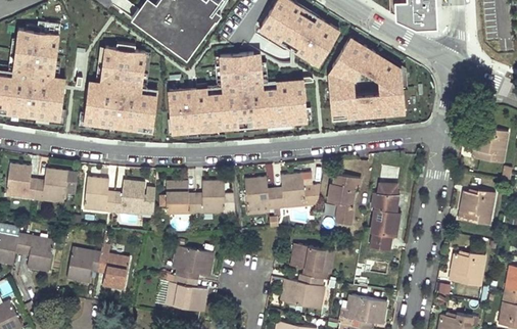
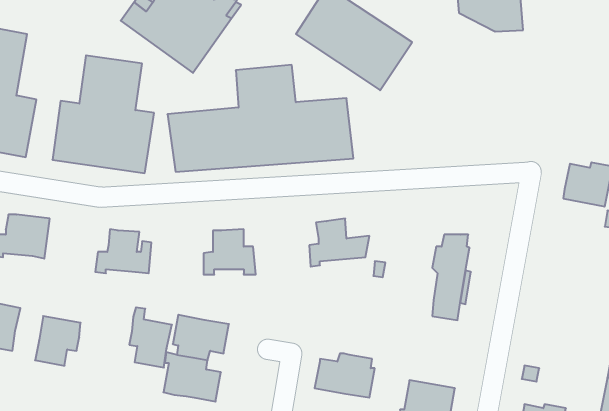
building: [330,37,408,123] -> none
building: [327,174,361,225] -> none
building: [244,176,277,209] -> none
building: [83,177,114,213] -> none
building: [166,181,195,215] -> none
building: [459,190,495,224] -> none
building: [289,243,335,280] -> none
building: [98,244,131,290] -> [129,307,172,368]
building: [449,251,485,286] -> none

